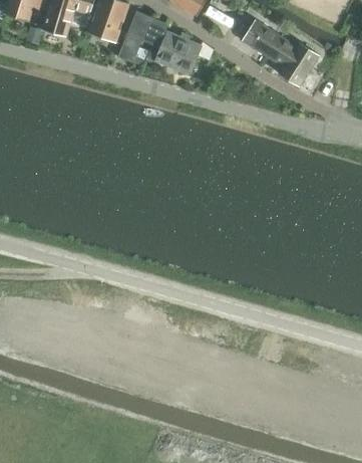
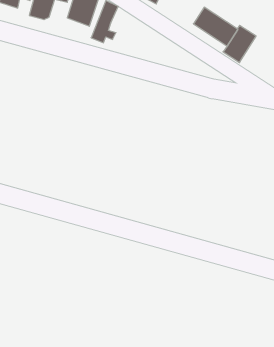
building: [141,17,201,73] -> none

